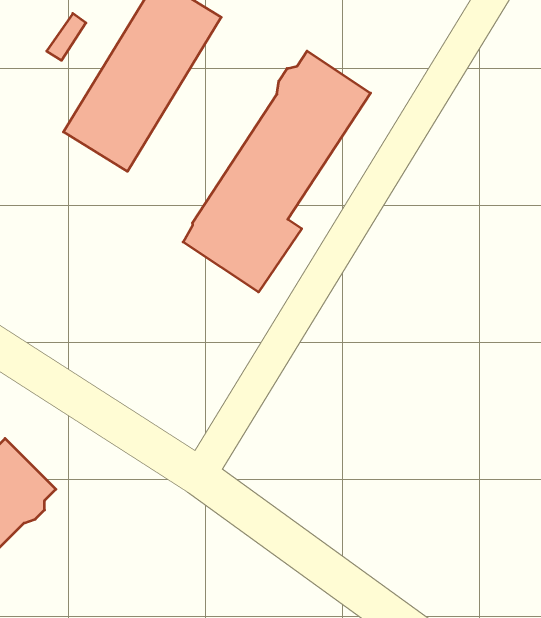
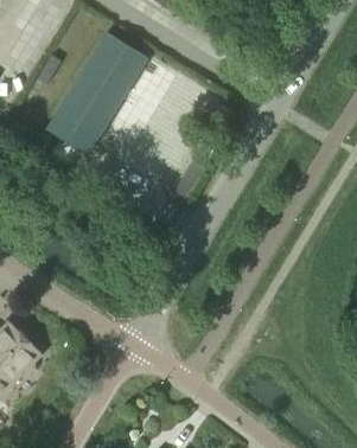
building: [183,51,371,292] -> none

